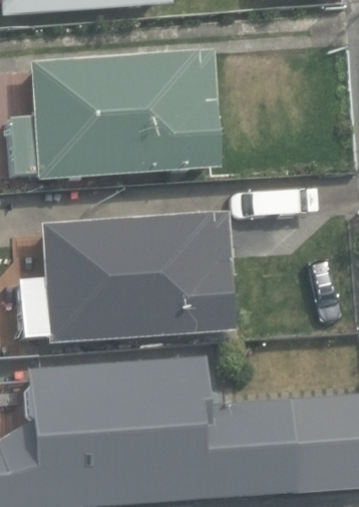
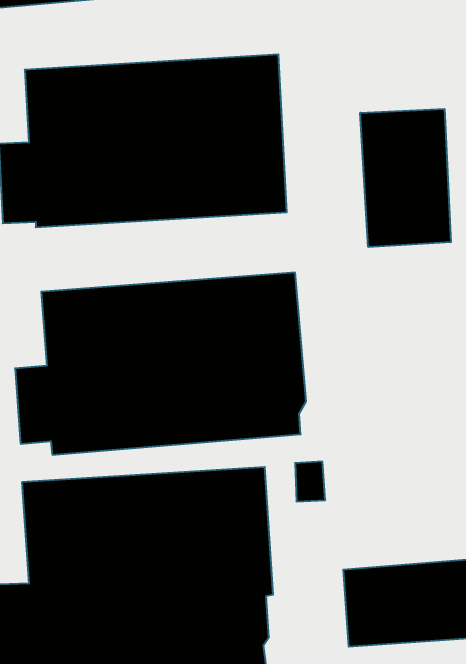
building: none -> [360,109,451,247]

